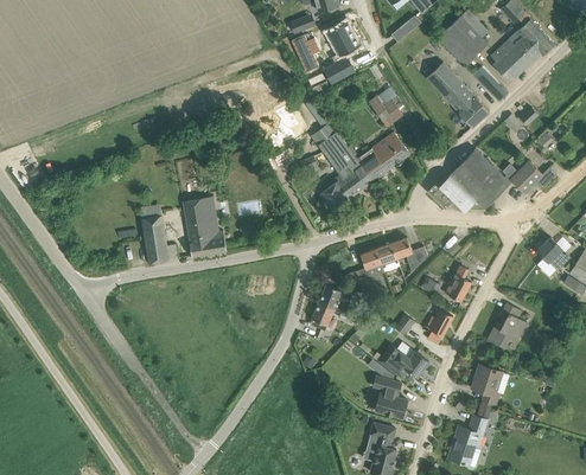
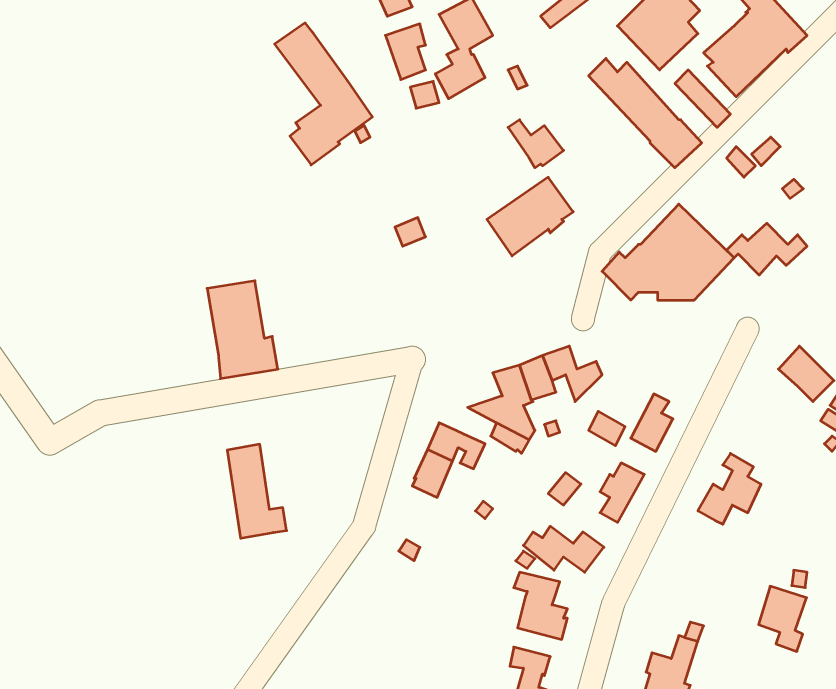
building: [311,122,371,210] -> [275,23,372,165]
building: [140,204,177,262] -> [227,444,287,538]
building: [471,364,501,404] -> [759,586,807,651]

